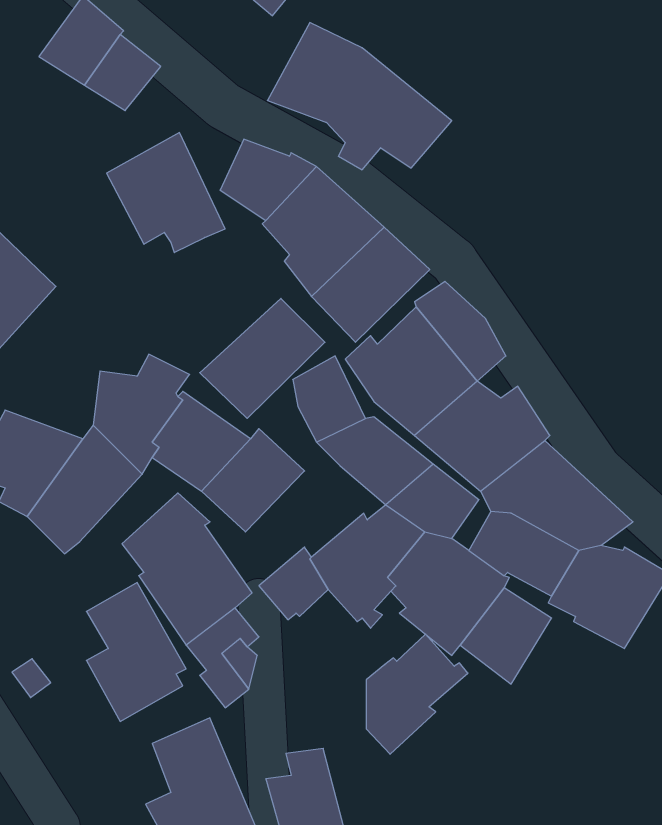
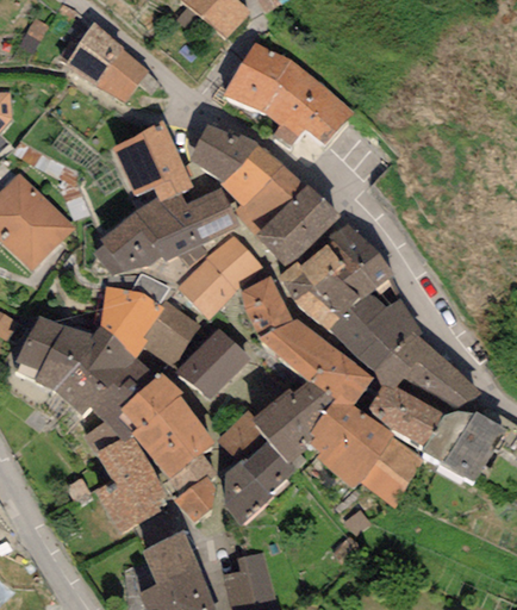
building: none -> [94,188,238,272]
building: none -> [83,359,156,455]
building: [366,634,468,754] -> [224,440,295,524]

